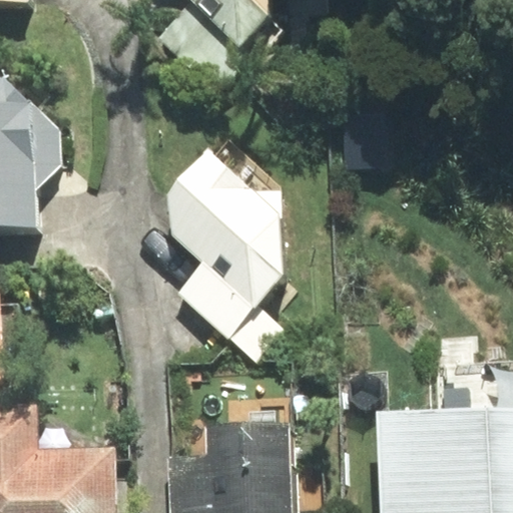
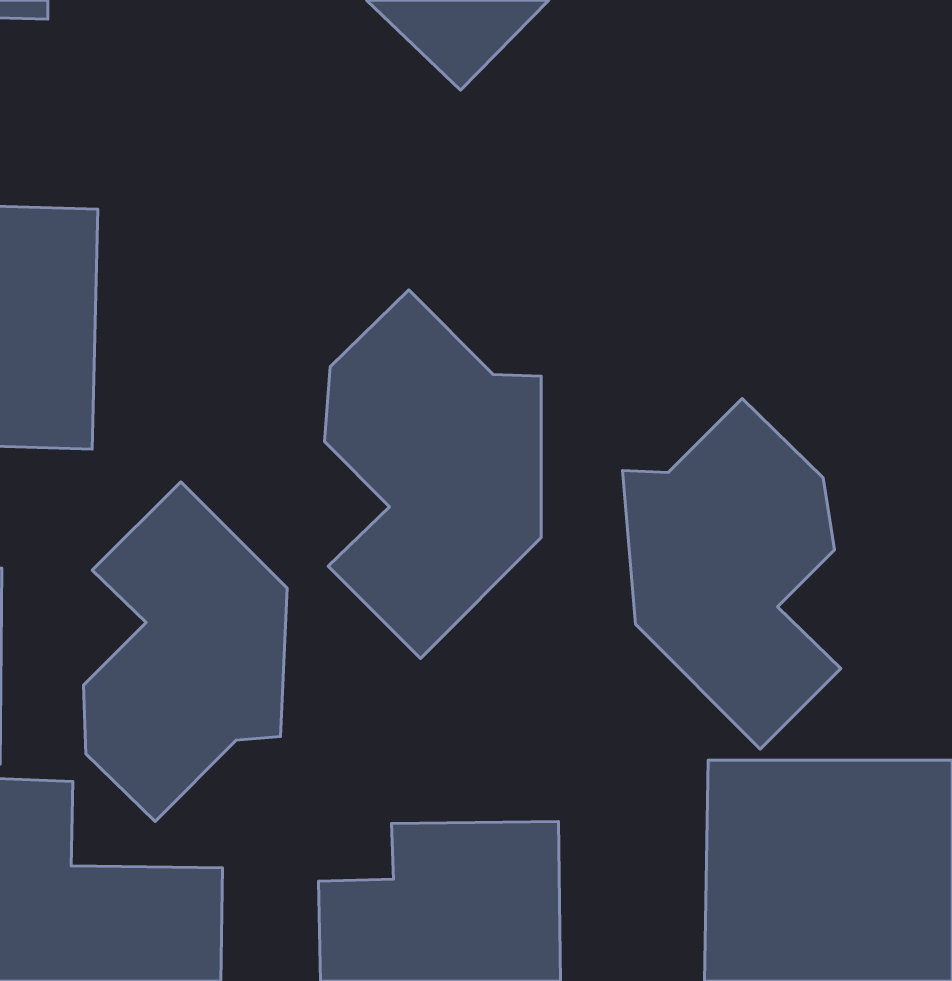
building: none -> [623,398,841,749]
building: none -> [84,482,287,821]

